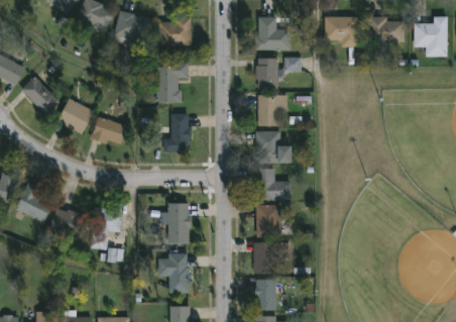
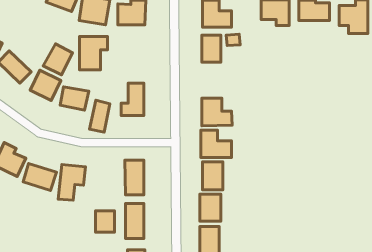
building: [155,63,188,101] -> [79,37,107,70]
building: none -> [43,44,73,75]
building: [256,95,286,124] -> none
building: none -> [89,100,110,132]
building: none -> [95,211,115,232]

